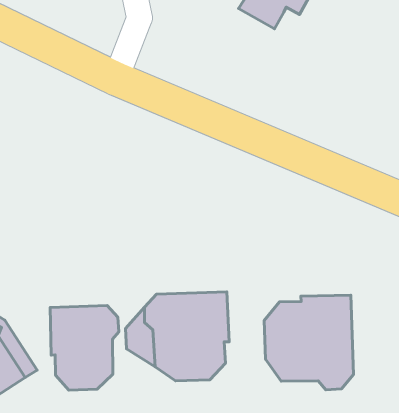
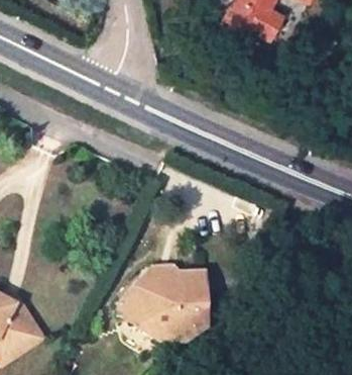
building: [264,295,354,390] -> none
building: [50,305,119,390] -> none

